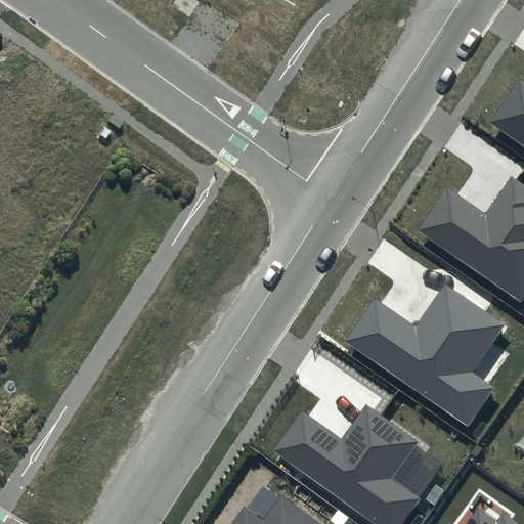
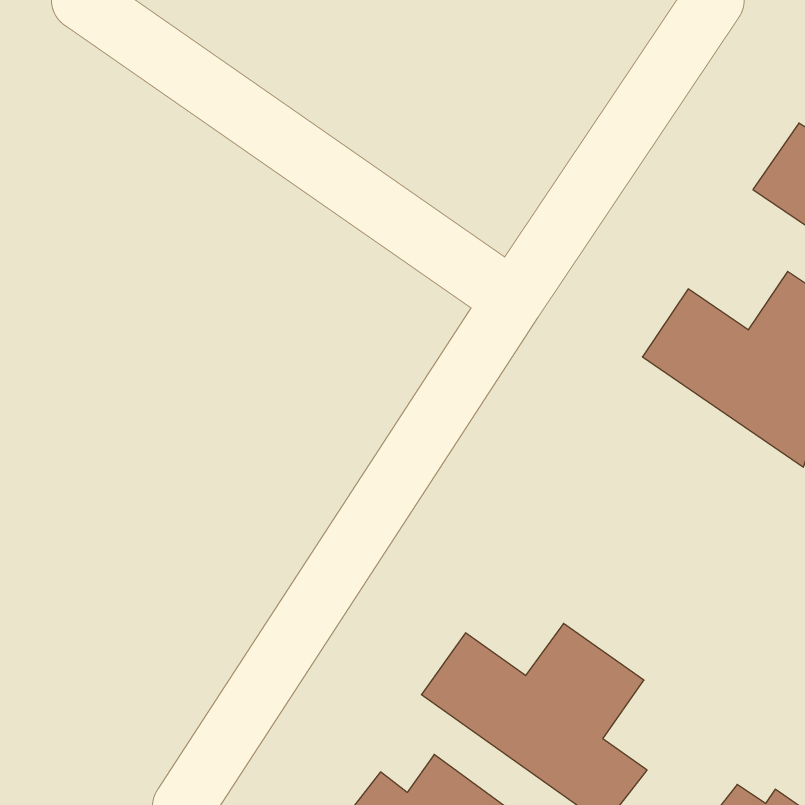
building: [346,285,506,427] -> none

